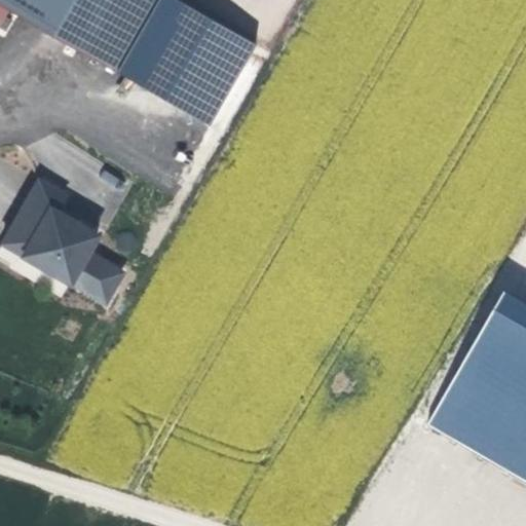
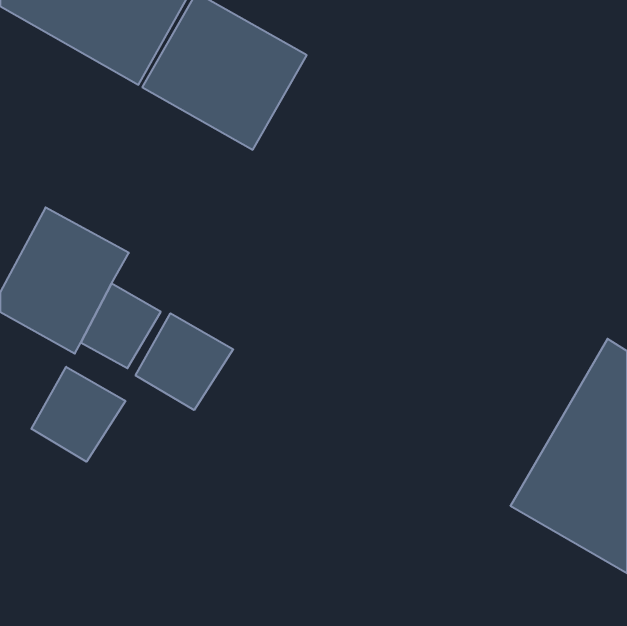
building: none -> [136,313,233,410]
building: none -> [31,367,125,462]

